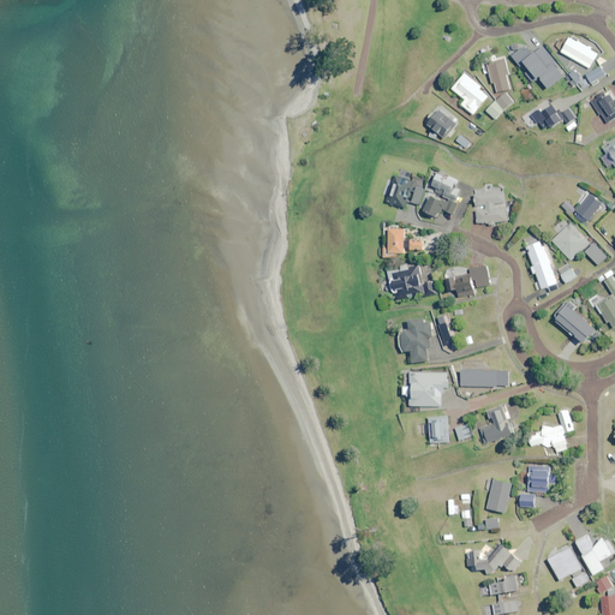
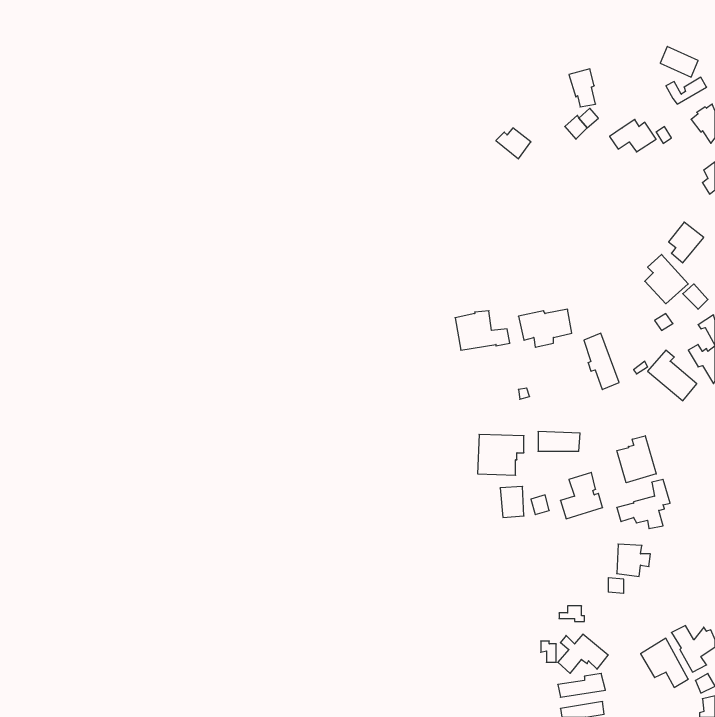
building: [510,44,562,88] -> none
building: [450,72,486,114] -> none
building: [424,172,459,216] -> none
building: [382,174,412,208] -> none
building: [474,191,506,225] -> none
building: [382,227,423,258] -> none
building: [526,240,556,288] -> [584,333,619,390]
building: [401,318,431,362] -> none
building: none -> [617,436,656,483]
building: [486,478,512,512] -> none

